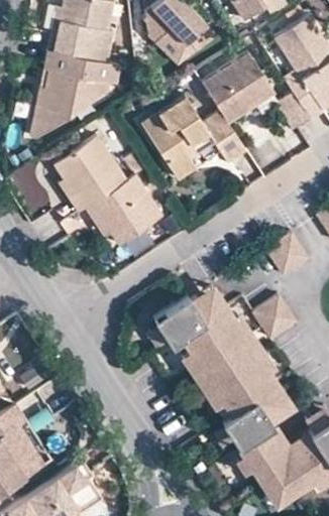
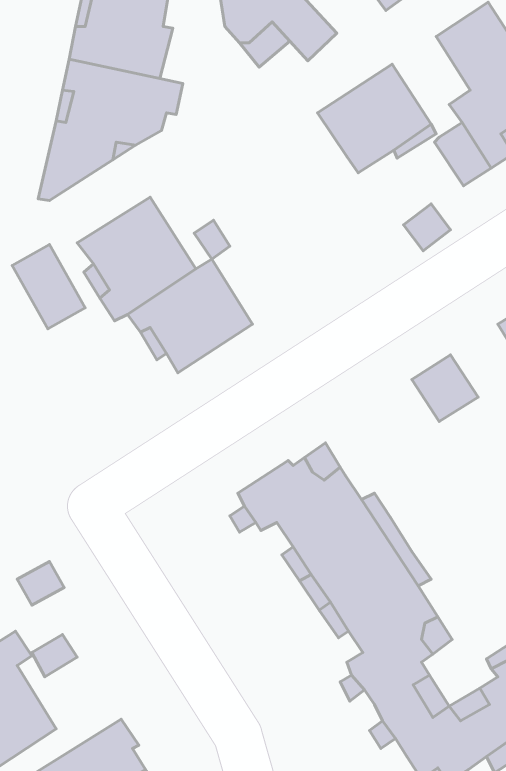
building: [142,97,247,179] -> none
building: [251,298,293,341] -> none

